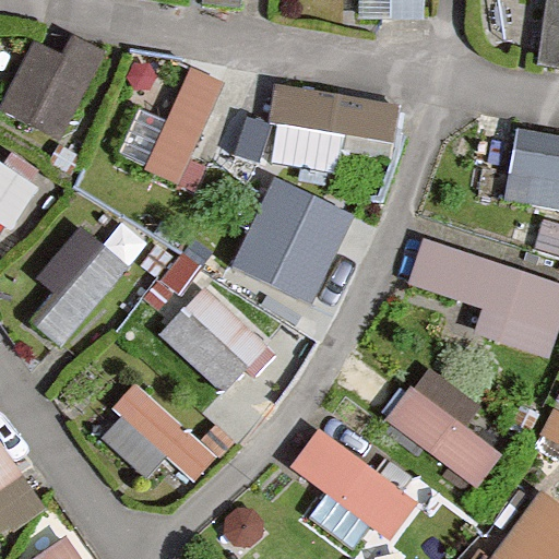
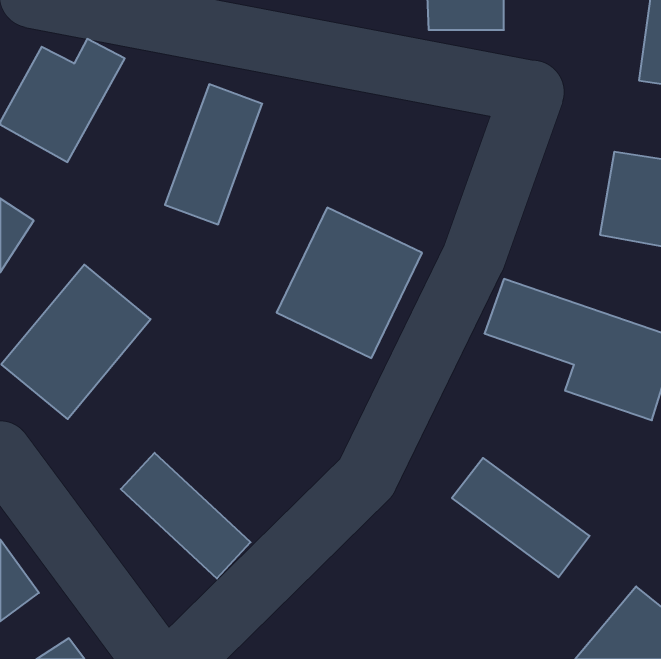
building: [254,84,397,179] -> none
building: [155,288,266,397] -> none
building: [284,428,412,542] -> none

